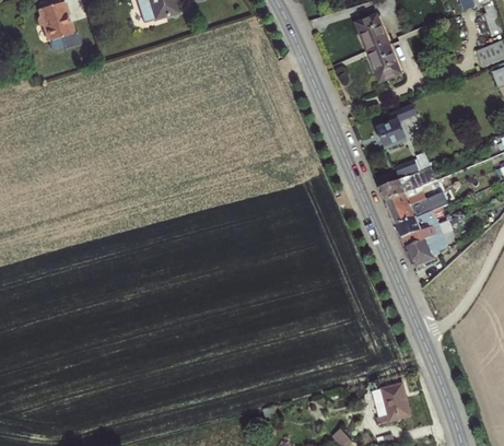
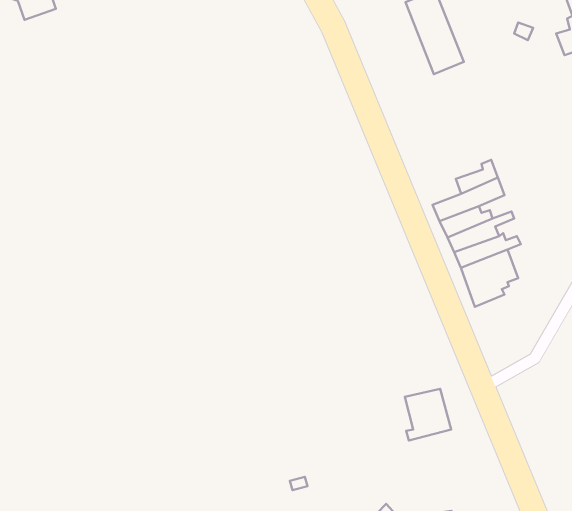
building: [378,105,417,149] -> none
building: [374,383,411,424] -> [405,389,451,440]

